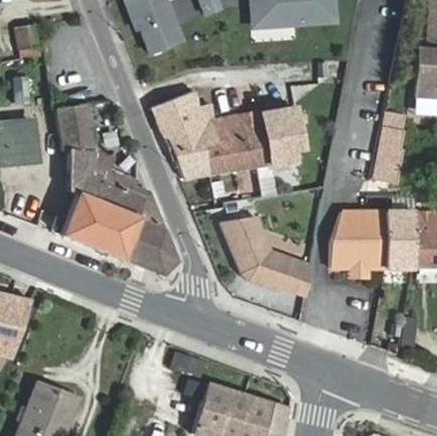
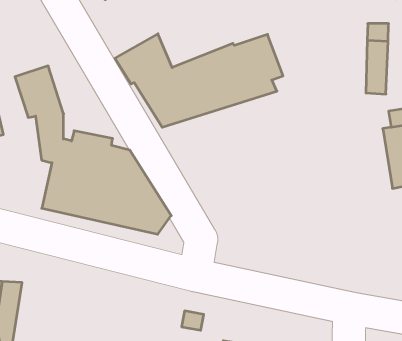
building: [331,210,386,269] -> none
building: [221,215,310,295] -> none

